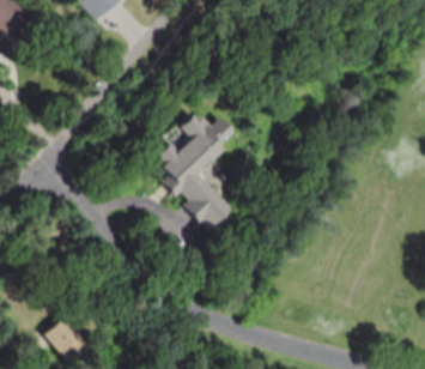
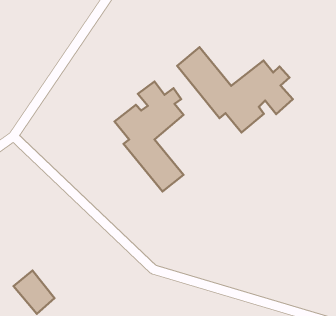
building: none -> [177,47,293,133]

